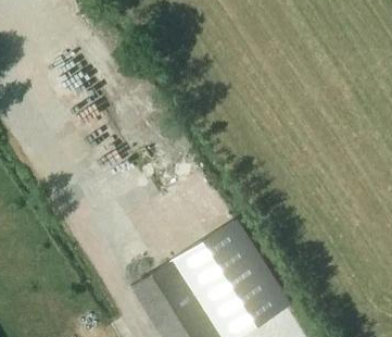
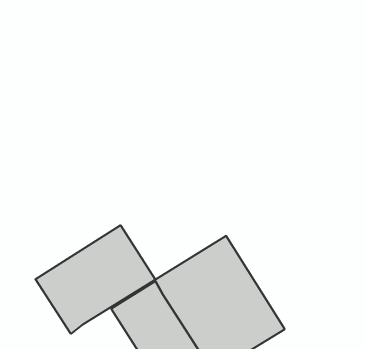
building: none -> [35,225,155,334]

